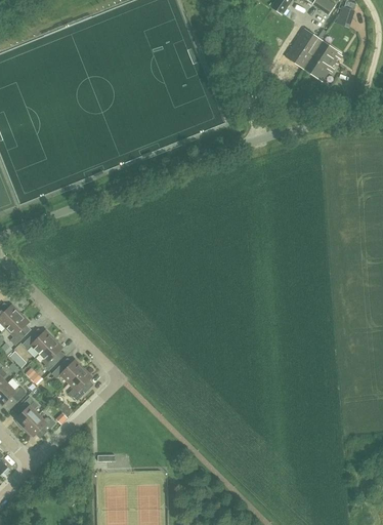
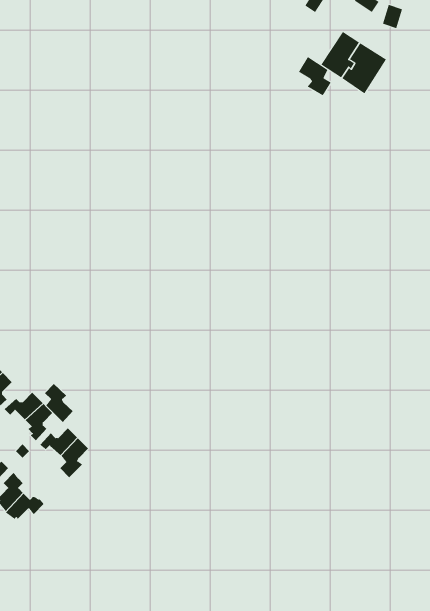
building: none -> [298,56,331,96]
building: none -> [44,383,74,423]

